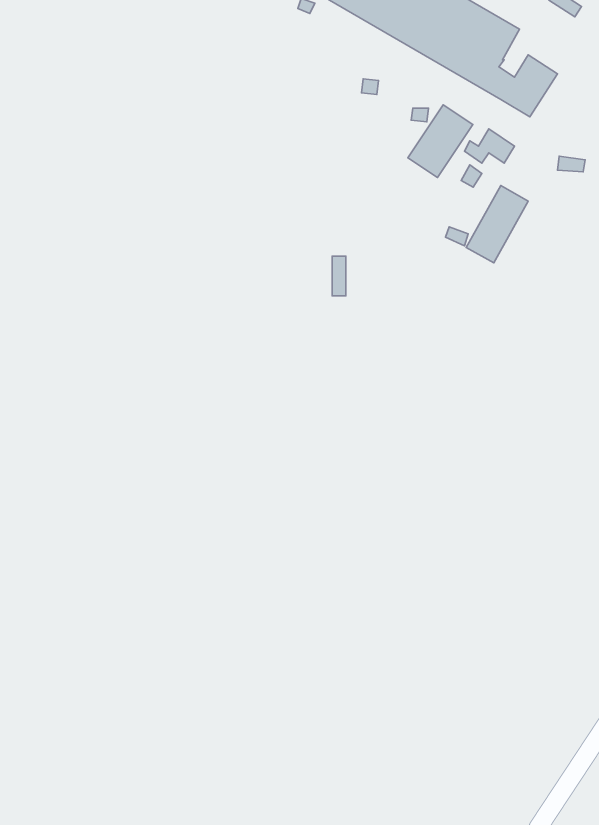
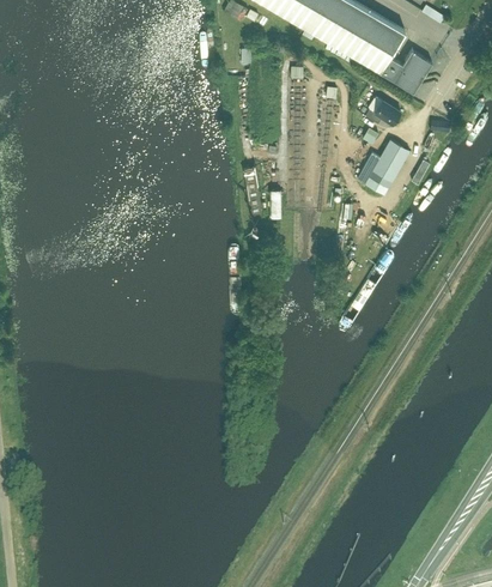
building: [408,105,473,177] -> none

